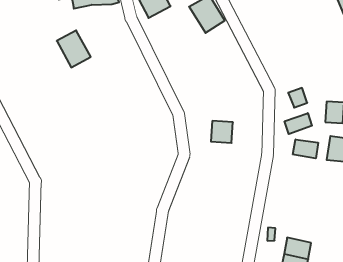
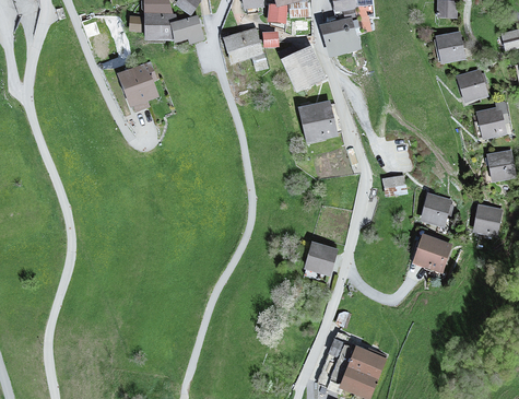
building: none -> [300,103,337,141]
building: [285,113,312,134] -> none
building: [211,121,233,143] -> [307,245,337,274]
building: [293,139,318,158] -> none

